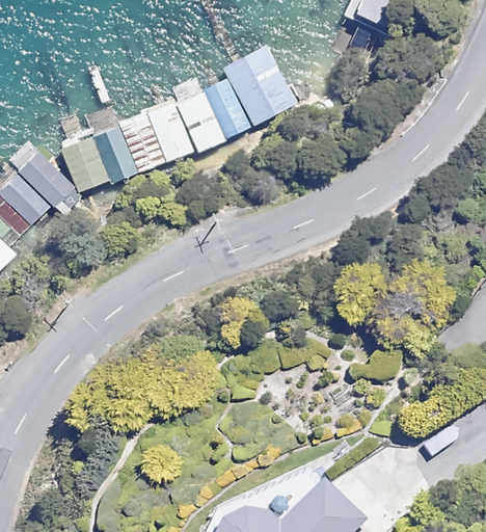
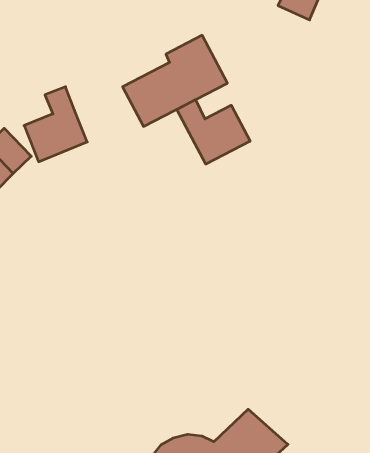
building: [119,104,191,172] -> none
building: none -> [177,100,250,164]

